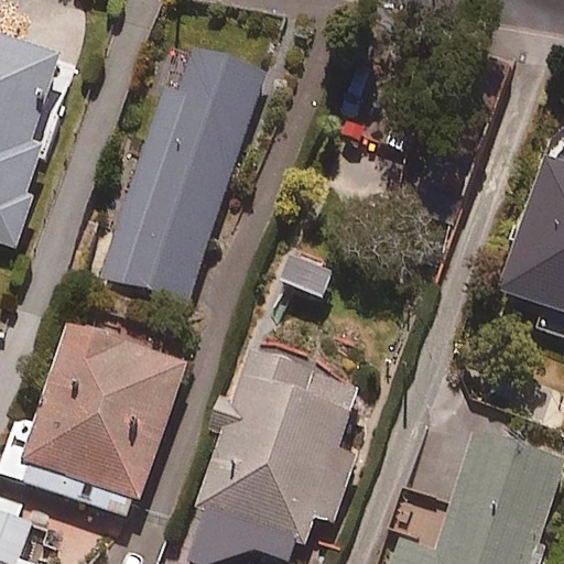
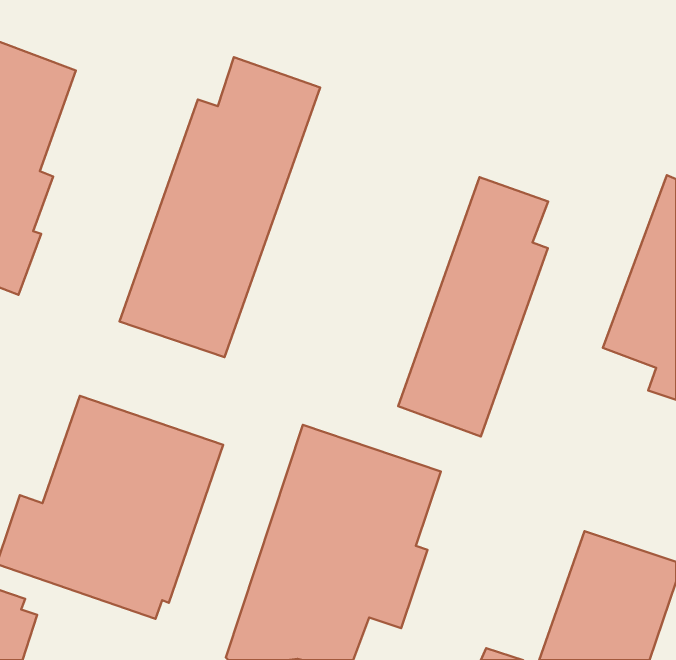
building: none -> [398,177,548,437]

